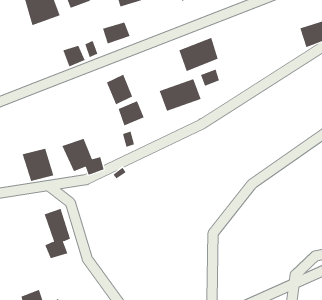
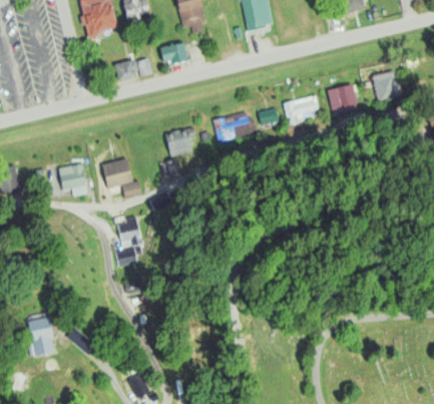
building: [179,37,219,72] -> [277,95,318,128]
building: none -> [328,84,365,114]
building: [106,74,133,105] -> none
building: [44,208,71,259] -> [113,216,142,268]

